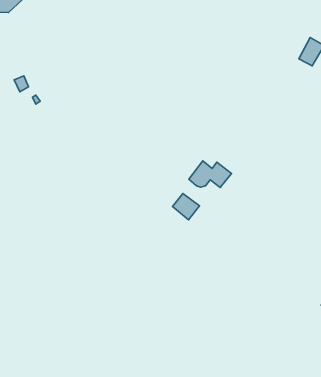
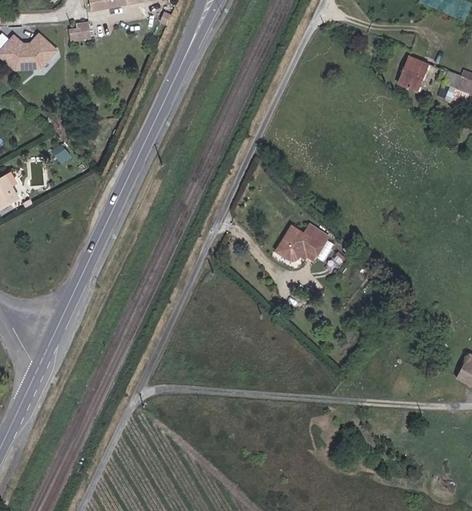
building: [172,193,200,220] -> none

